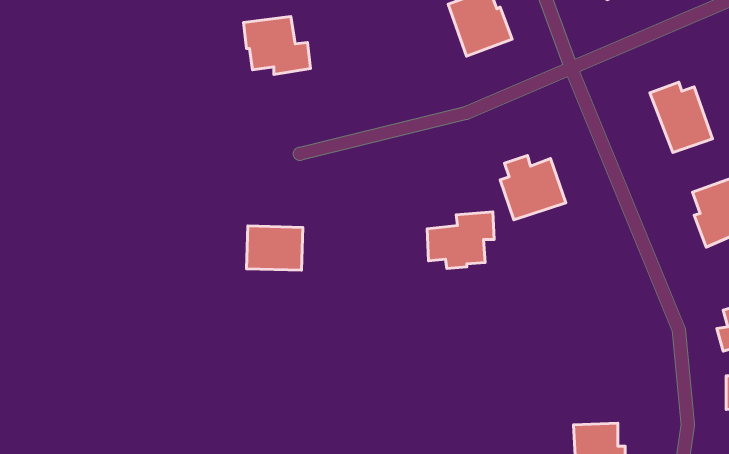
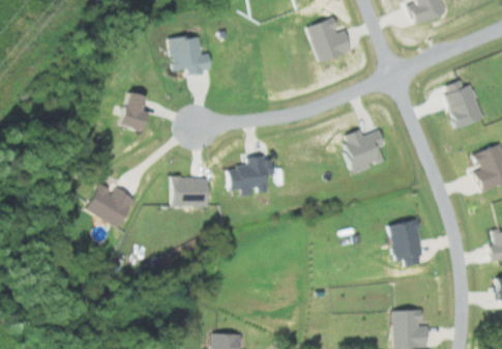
building: none -> [115,91,146,130]
building: [427,212,494,268] -> [227,157,272,196]
building: none -> [86,183,132,227]
building: none -> [388,220,423,267]

